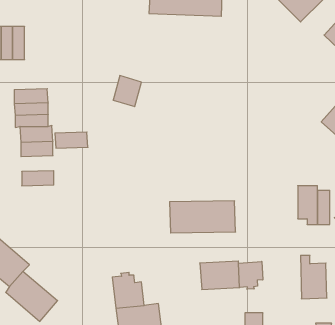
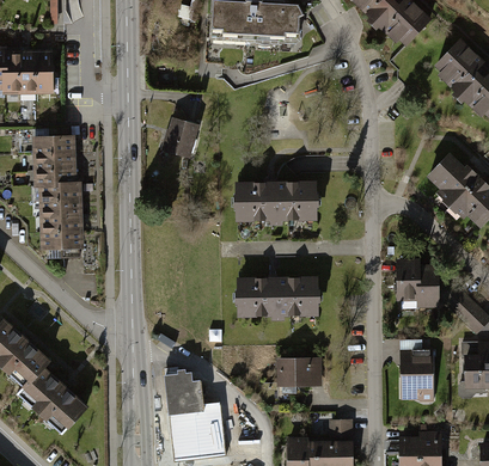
building: none -> [232,182,316,222]
building: [55,132,88,148] -> [44,219,86,239]
building: [238,261,263,289] -> none

